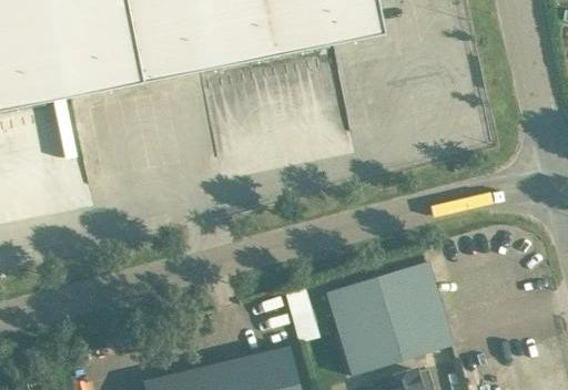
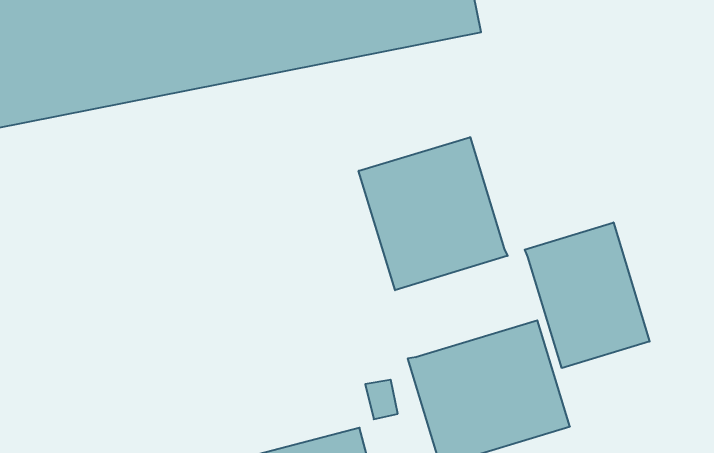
building: none -> [359,137,508,290]
building: none -> [525,222,650,368]

